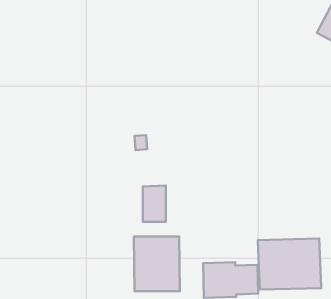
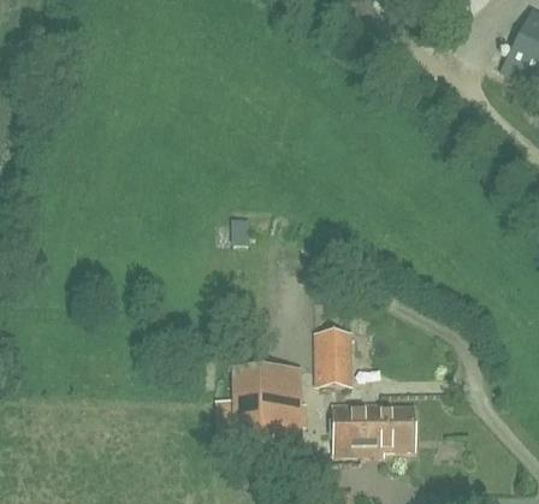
building: [143,186,166,222] -> [316,332,350,385]
building: [258,238,321,290] -> none

